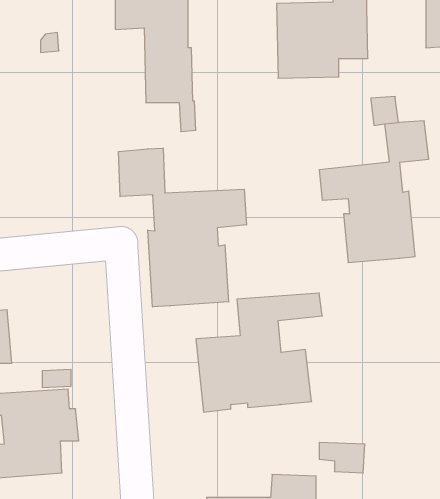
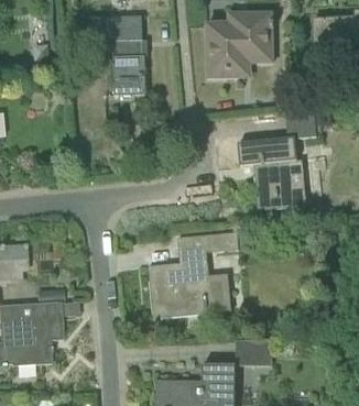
building: [118,148,246,307] -> none

